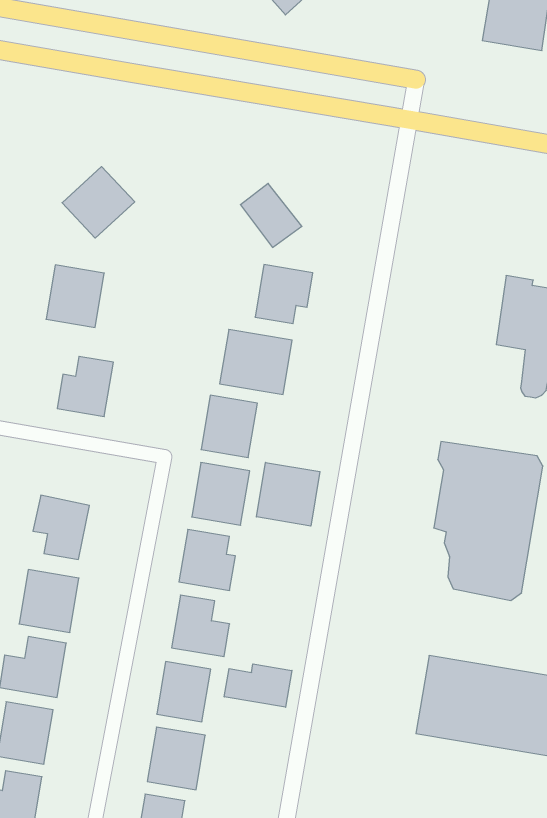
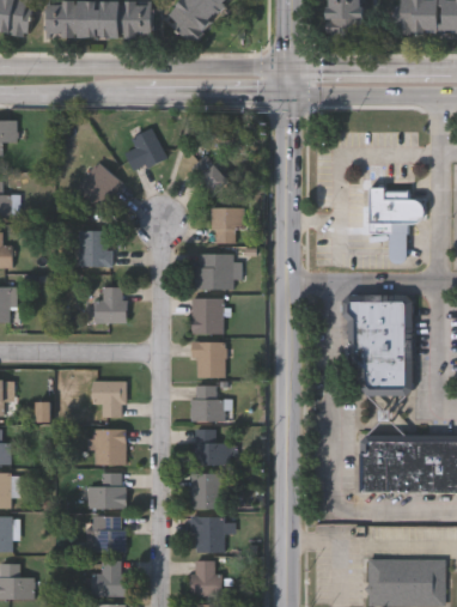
building: none -> [126,128,164,169]
building: [256,462,320,526] -> none
building: [224,664,292,707] -> none

